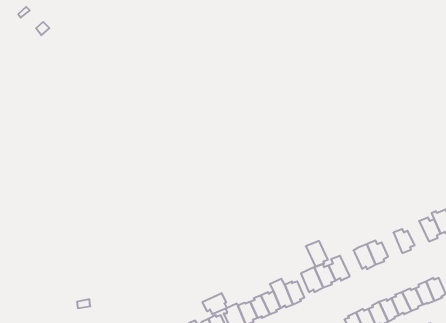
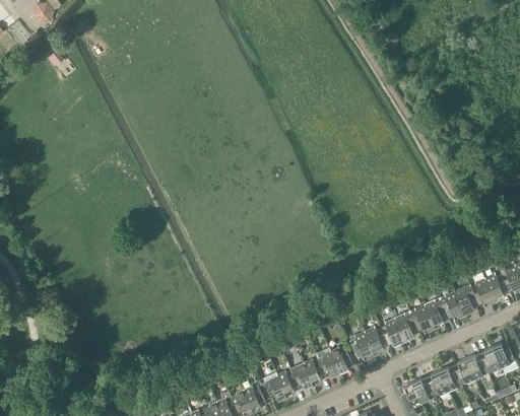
building: none -> [471,278,496,305]
building: none -> [442,291,465,319]
building: [306,241,328,267] -> [394,311,419,341]
building: [203,293,227,314] -> none

